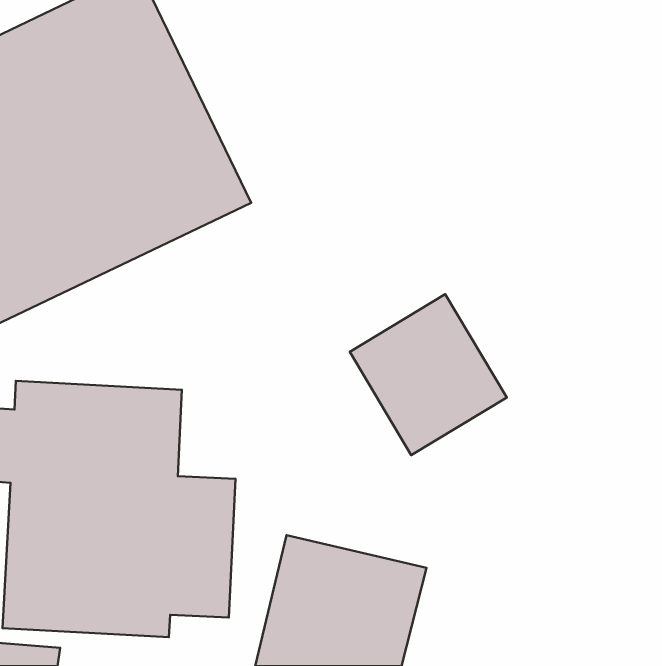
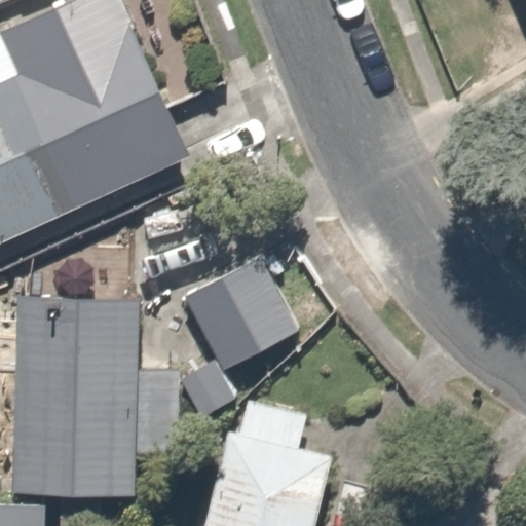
building: [350,294,507,455] -> [179,255,302,381]

